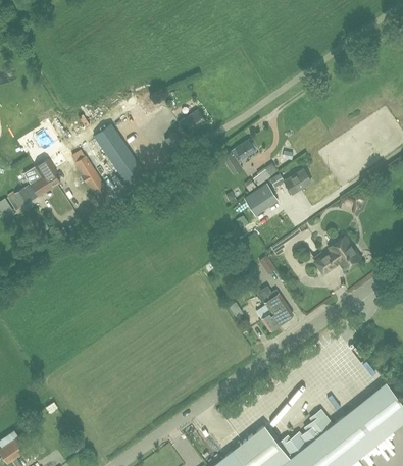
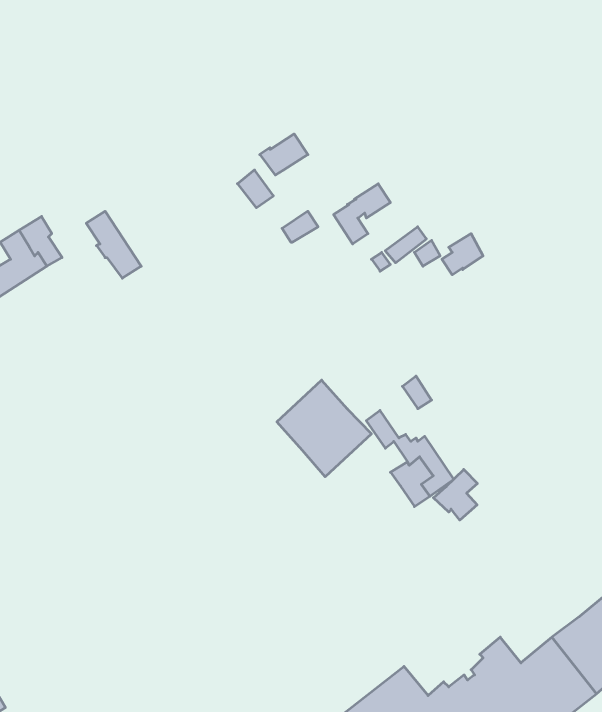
building: [94,123,146,186] -> none
building: [244,184,280,216] -> none
building: [315,237,360,274] -> none
building: none -> [277,380,371,477]
building: none -> [433,469,477,520]

